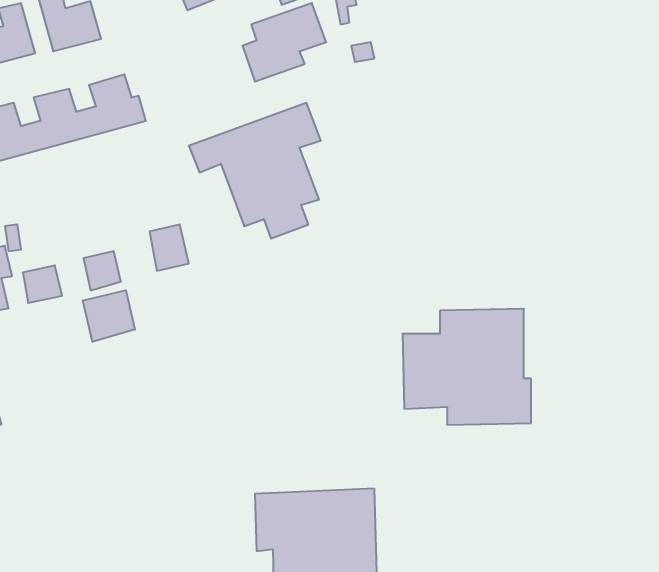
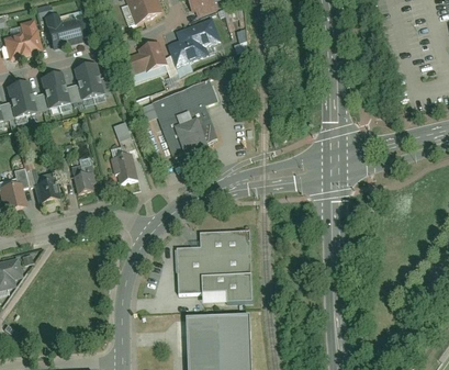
building: none -> [122,36,168,72]
building: [83,290,135,342] -> none
building: [402,309,531,425] -> [175,232,254,303]

